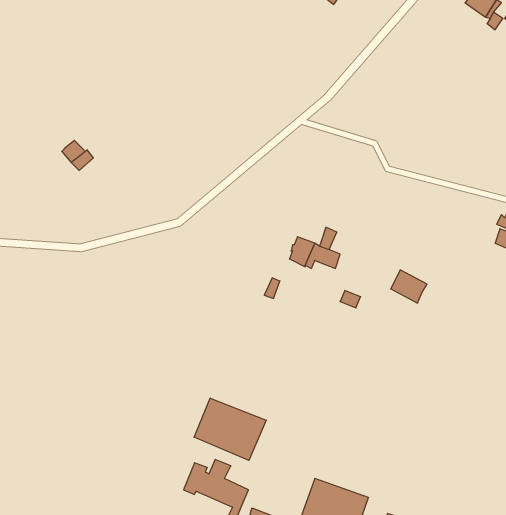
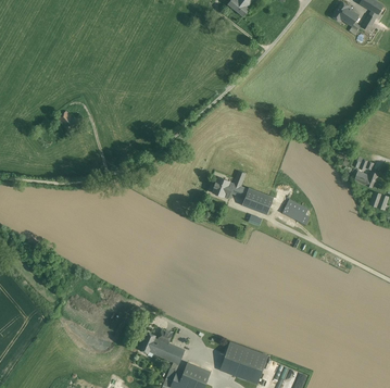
building: none -> [241,187,274,214]
building: [194,398,266,460] -> none

